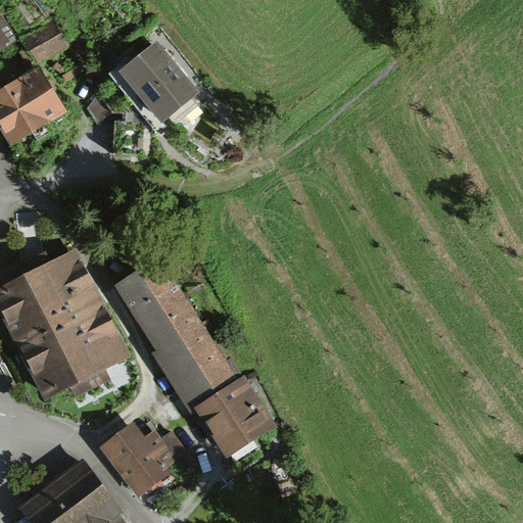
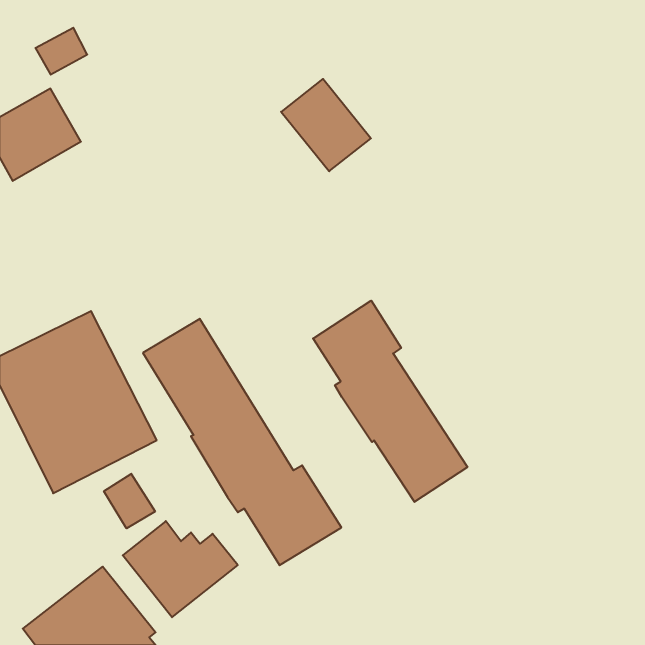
building: [120,43,192,117] -> [281,79,371,171]
building: none -> [313,301,467,502]
building: none -> [104,474,155,528]

